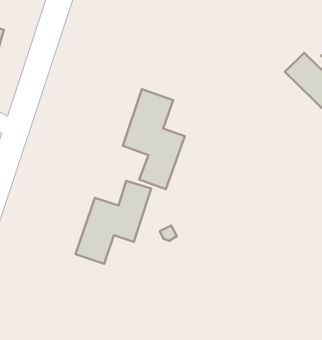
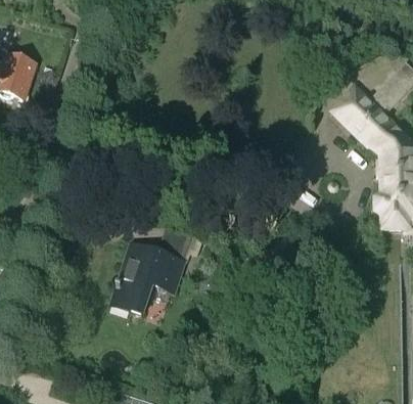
building: [123,89,185,189] -> none

